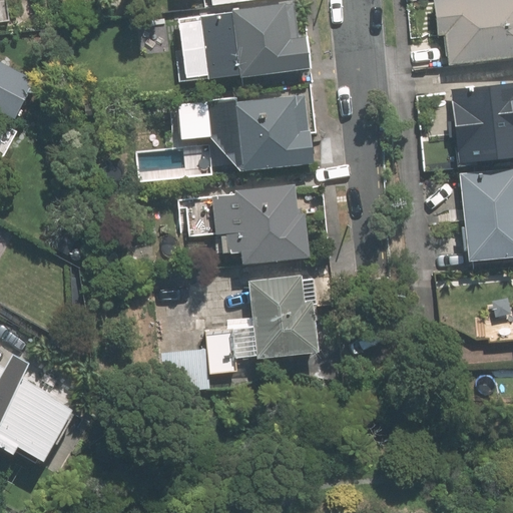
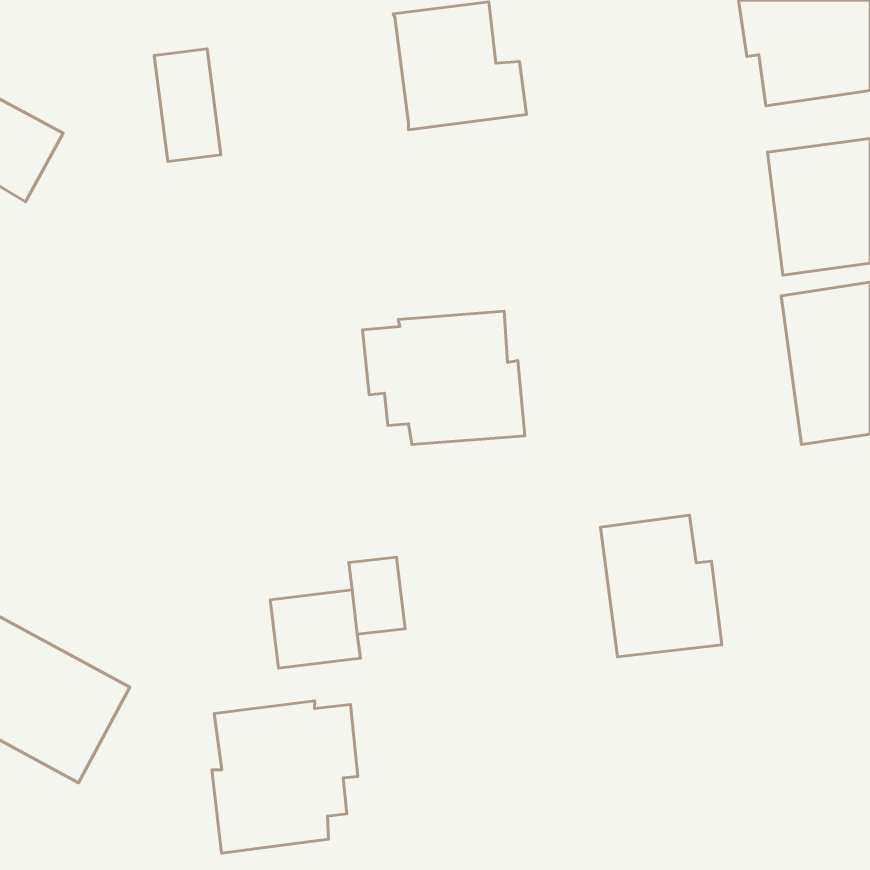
building: [200,12,239,78] -> [154,49,221,162]
building: [207,94,314,169] -> none
building: [248,274,320,357] -> [601,515,722,657]
building: none -> [212,701,358,853]

